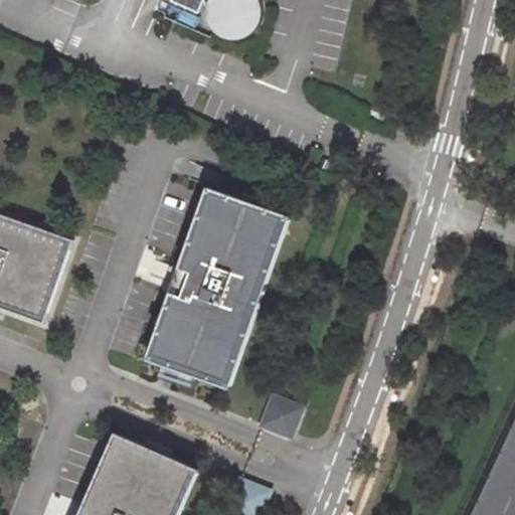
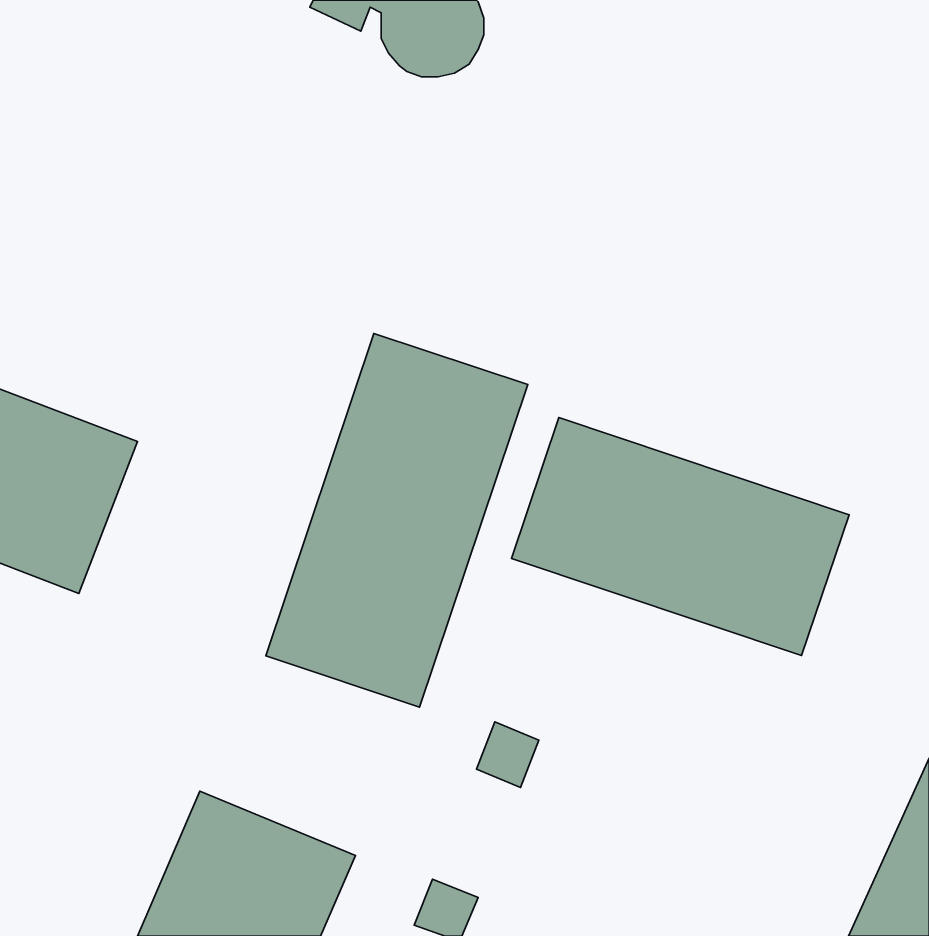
building: none -> [511,418,849,656]

